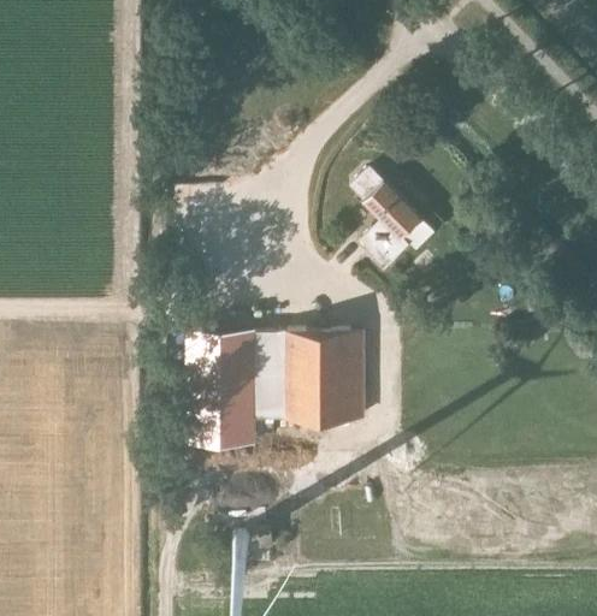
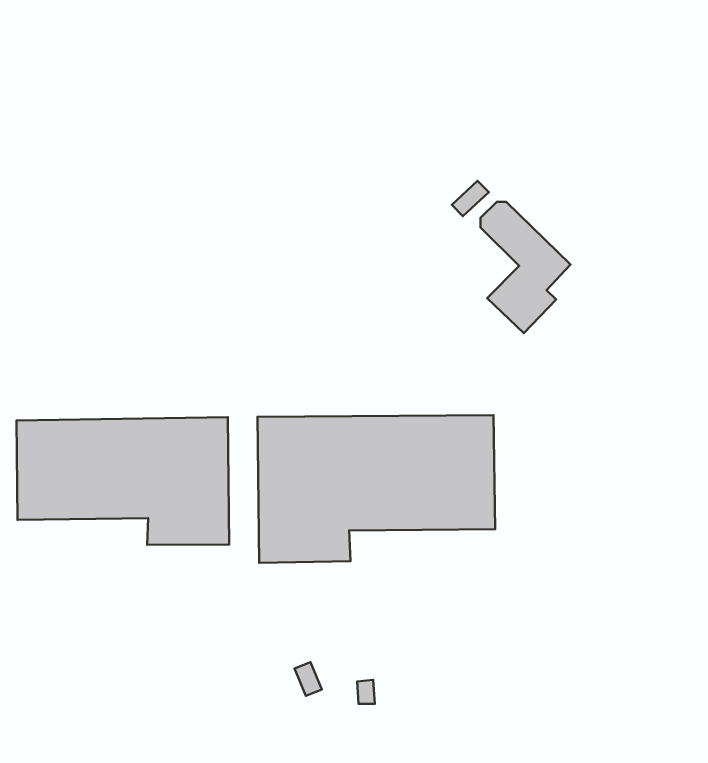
building: none -> [17,417,229,545]

